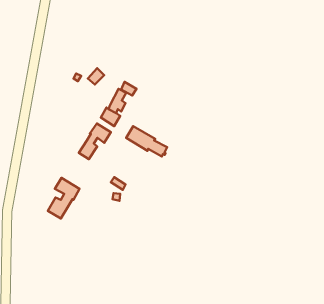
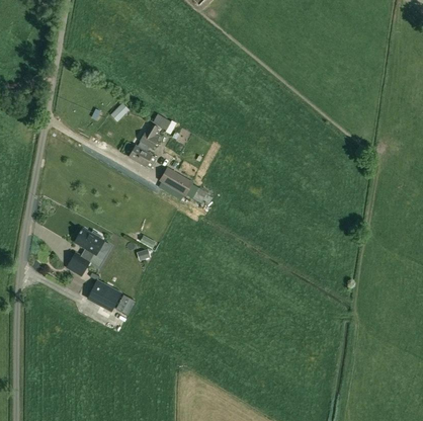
building: [79,123,111,159] -> none
building: none -> [89,279,123,311]

